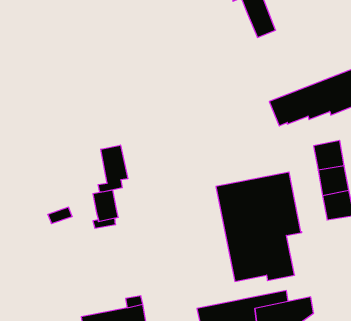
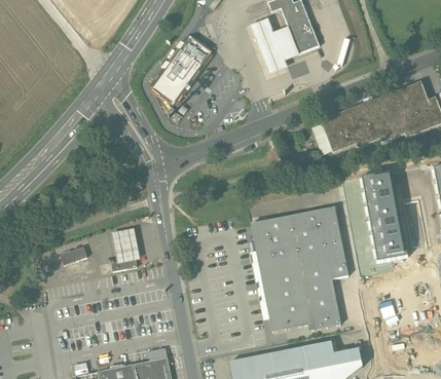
building: none -> [250,18,298,74]
building: none -> [151,36,212,105]
building: [98,145,128,192] -> none

